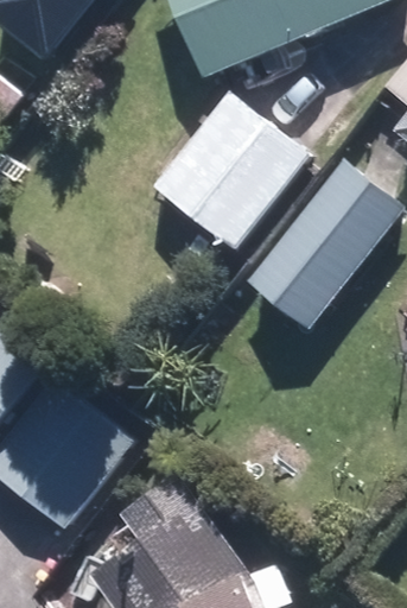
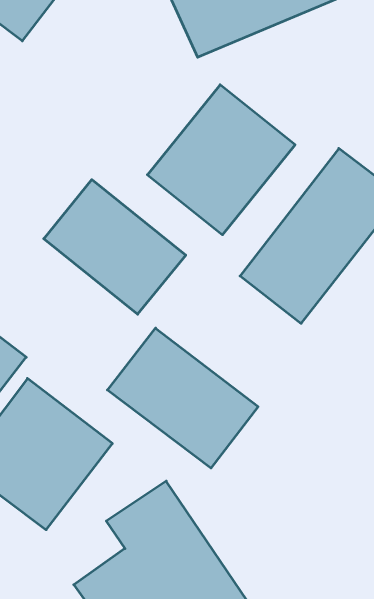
building: none -> [44,180,186,314]
building: none -> [107,328,258,468]

